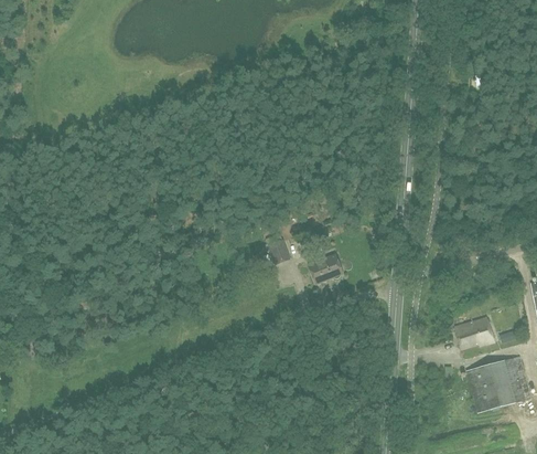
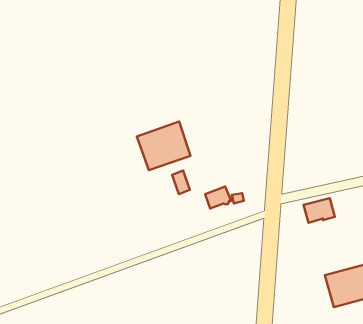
building: none -> [137,122,190,170]
building: [453,317,494,349] -> [304,198,335,223]

